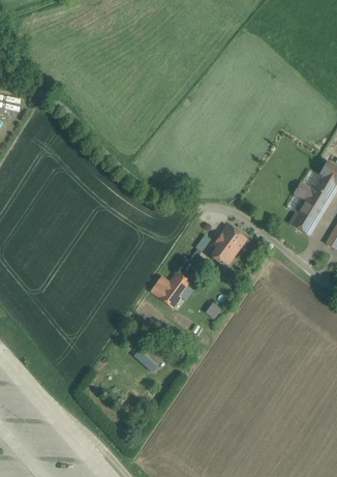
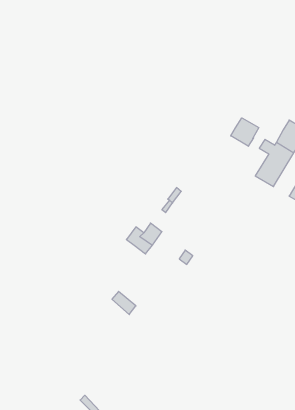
building: none -> [231,118,259,146]
building: [215,226,245,265] -> none

